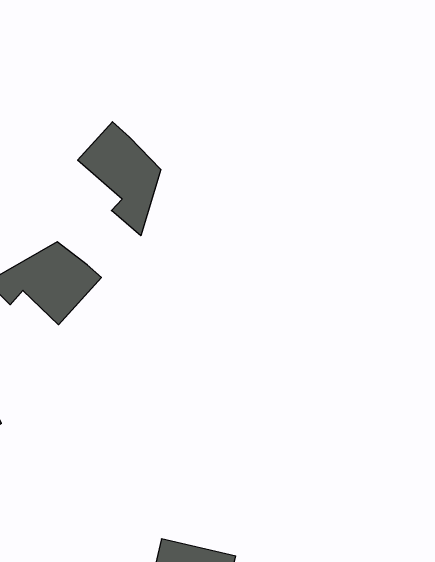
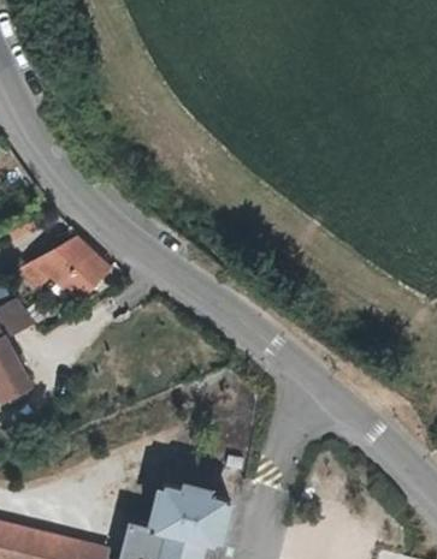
building: [78,122,161,236] -> none

